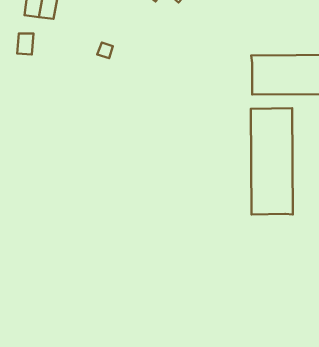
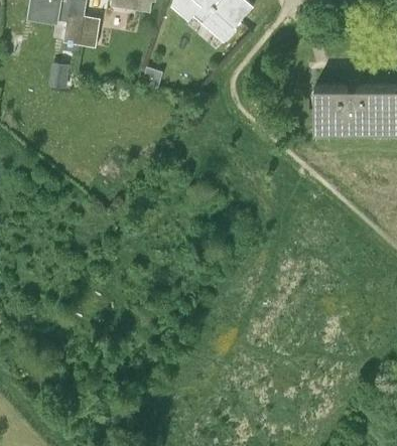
building: [251,108,293,215] -> none

